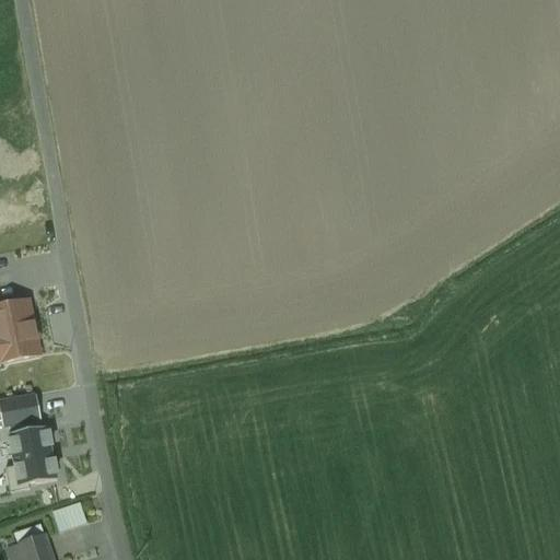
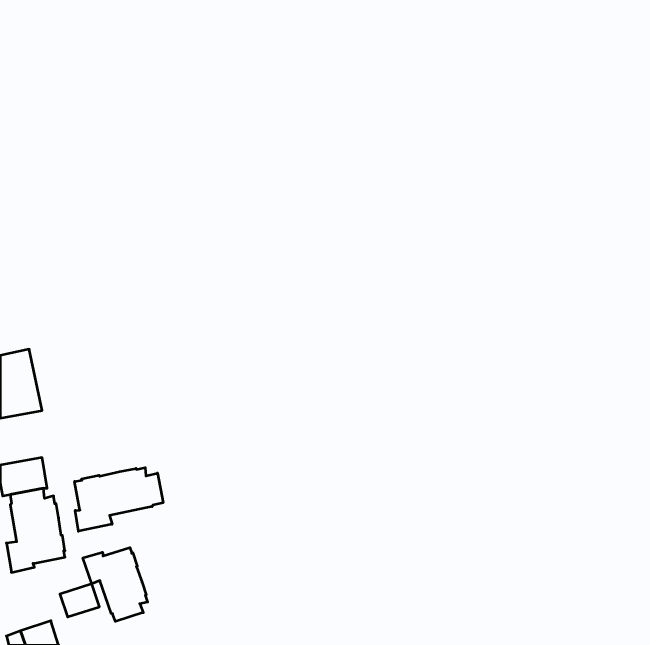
building: none -> [75,468,163,531]
building: none -> [83,548,148,621]

